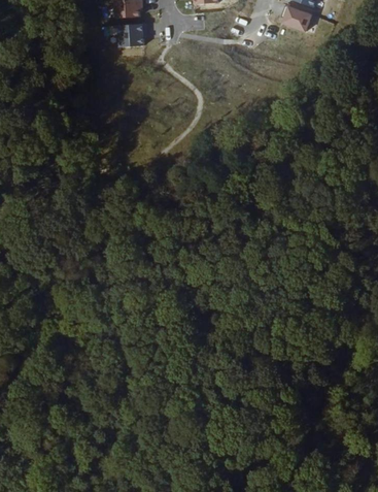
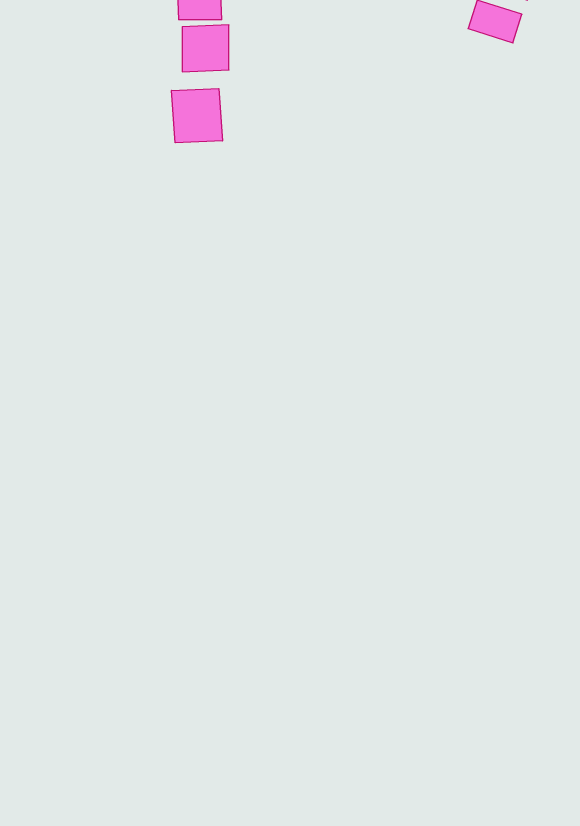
building: none -> [172,89,222,143]

